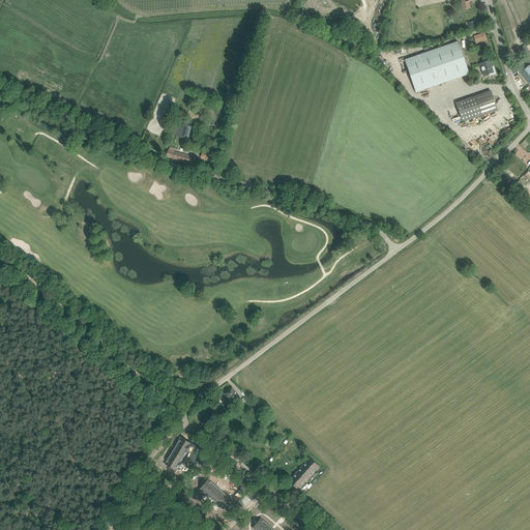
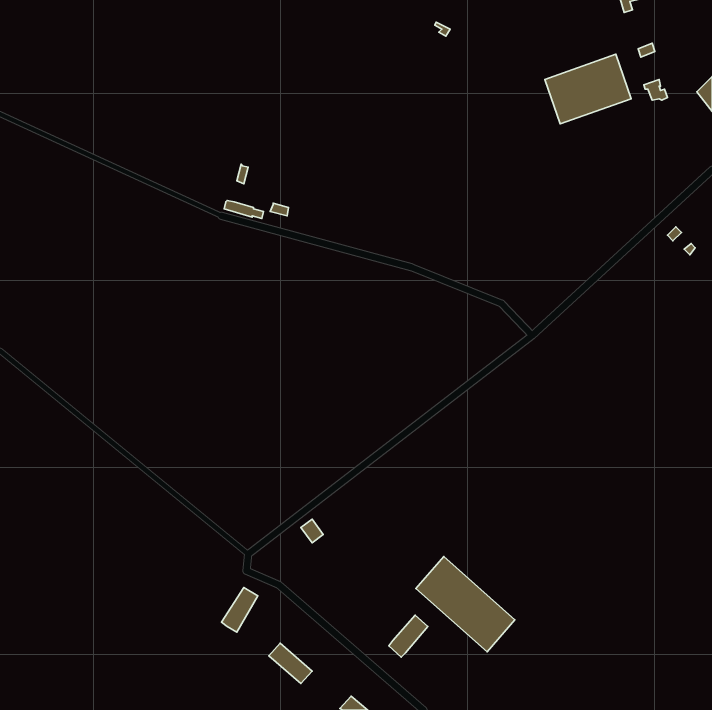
building: [457,90,498,121] -> none
building: none -> [416,557,515,652]

